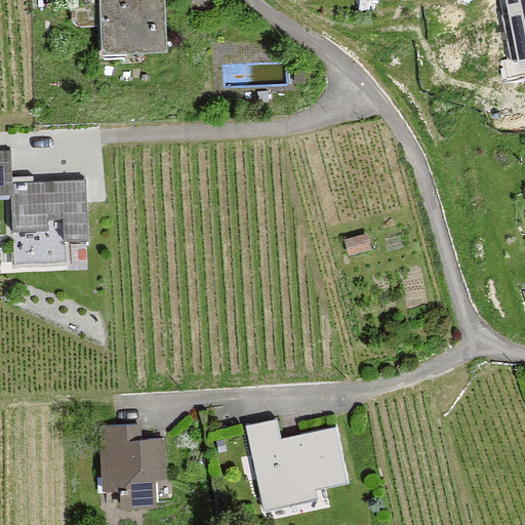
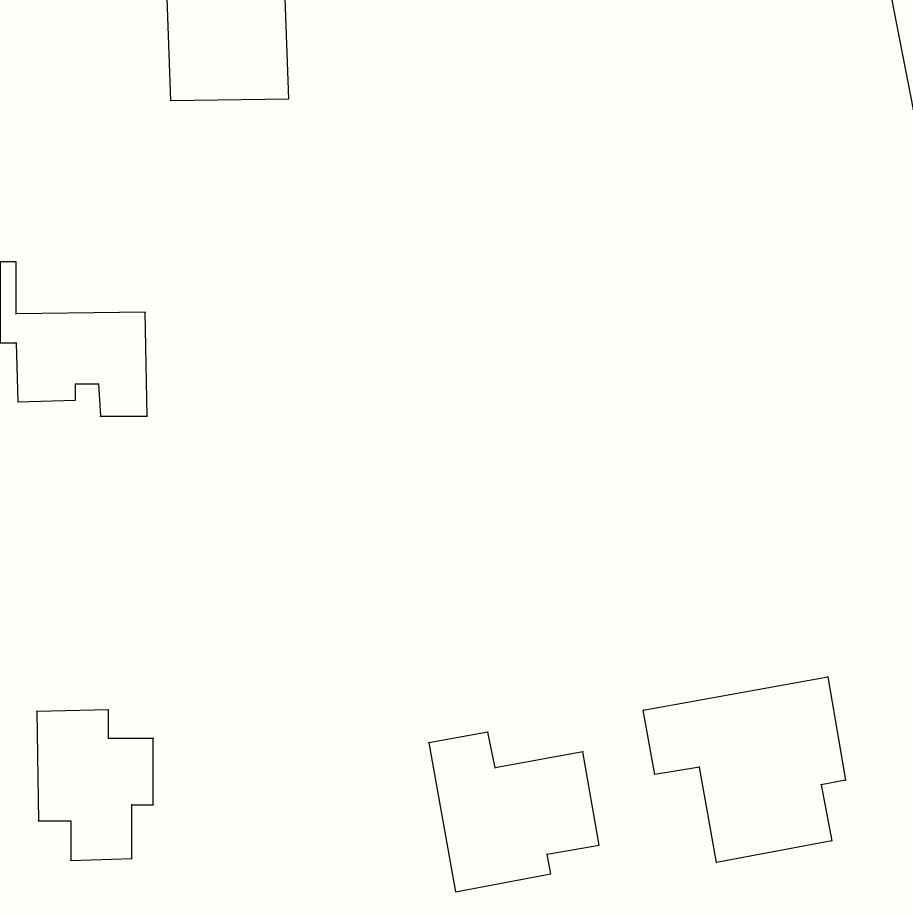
building: none -> [643,677,846,863]
building: [99,423,166,510] -> [37,710,153,860]

